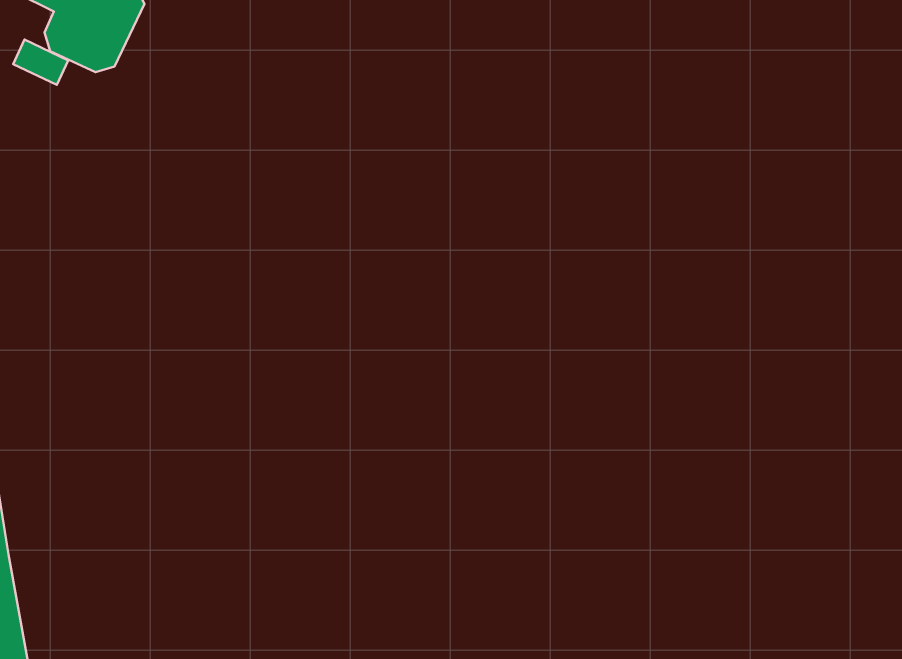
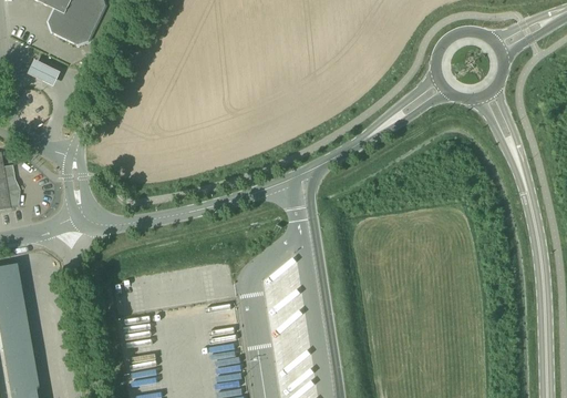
building: [13,40,68,85] -> [30,61,62,88]

